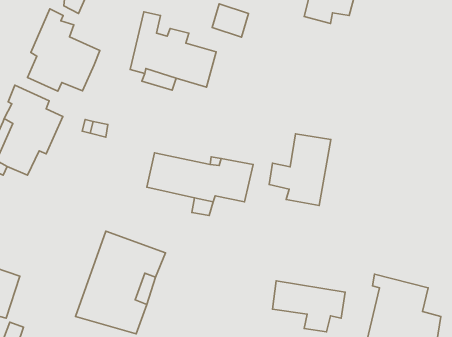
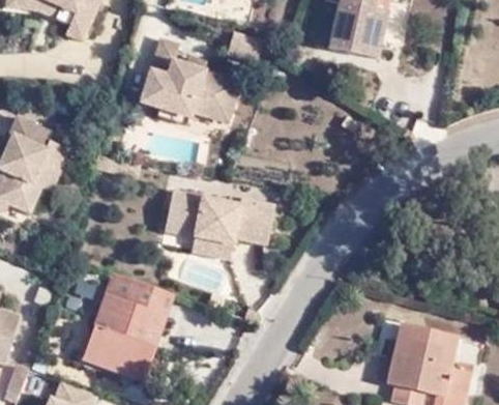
building: [27,9,100,91] -> none
building: [269,134,331,205] -> none
building: [272,281,345,332] -> none

